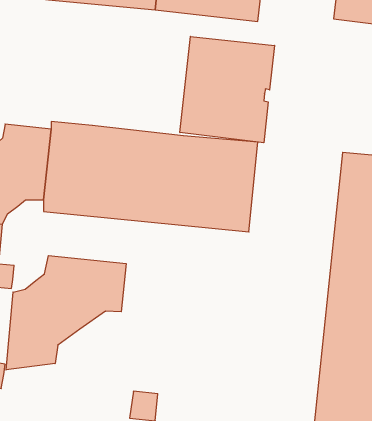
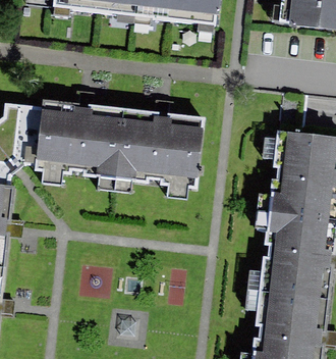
building: [180,36,275,143] -> none
building: [6,256,126,370] -> none

